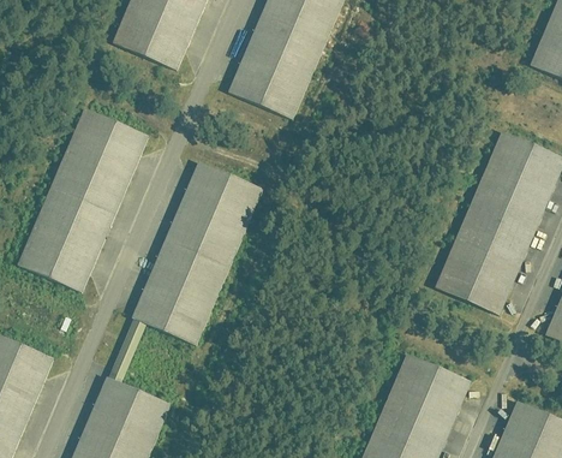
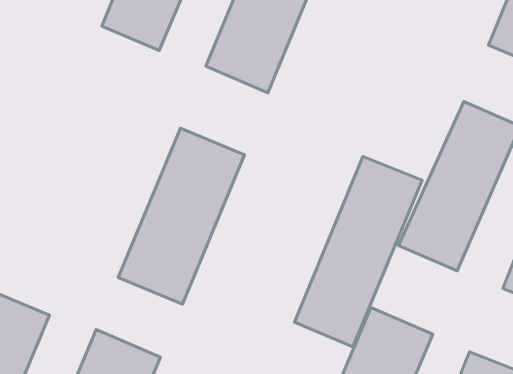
building: [19,105,150,286] -> none
building: none -> [295,156,422,347]

